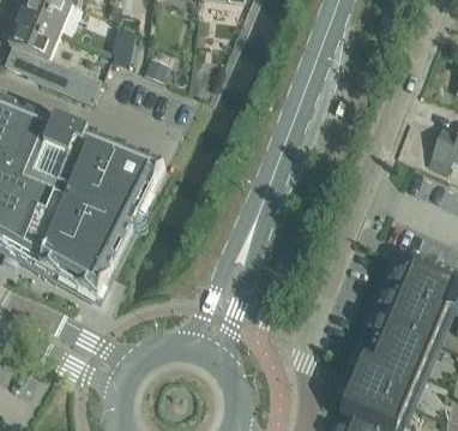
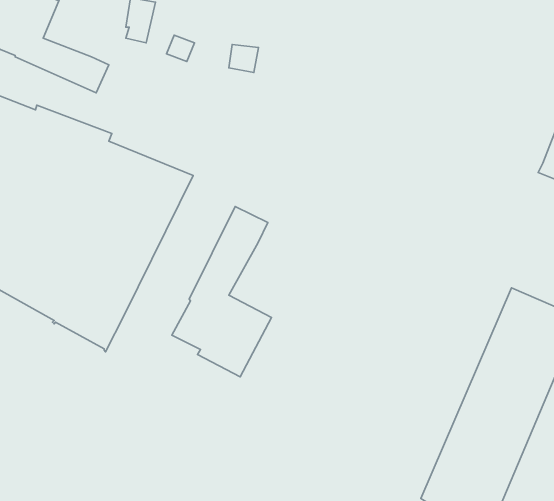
building: none -> [172,207,271,377]

